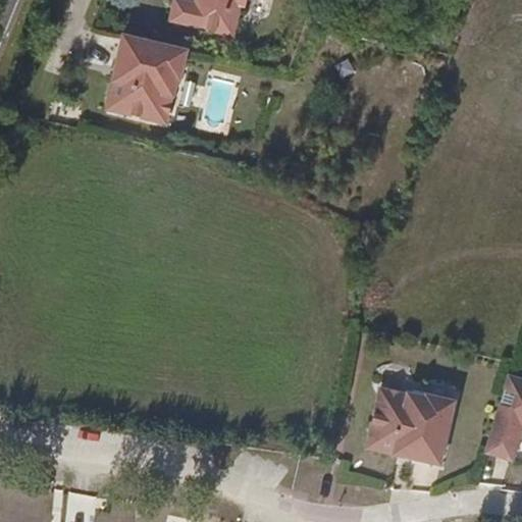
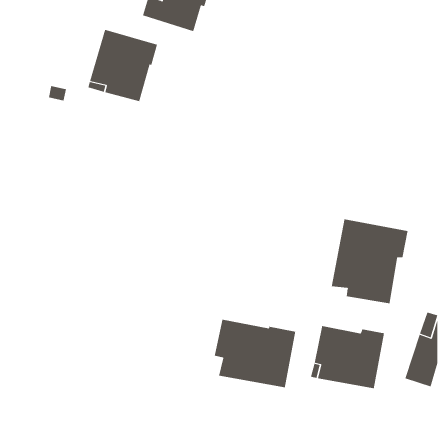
building: none -> [331,219,408,304]
building: none -> [214,319,296,388]

